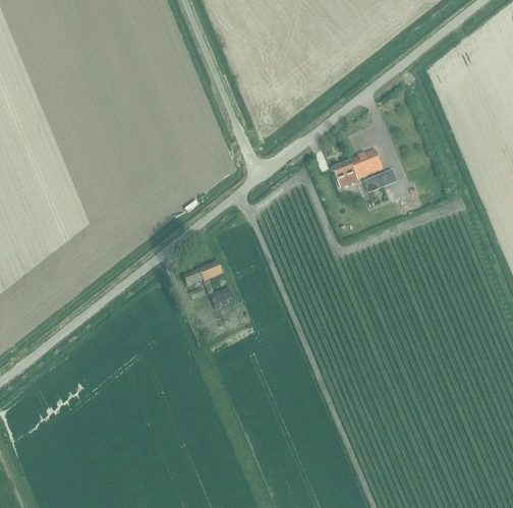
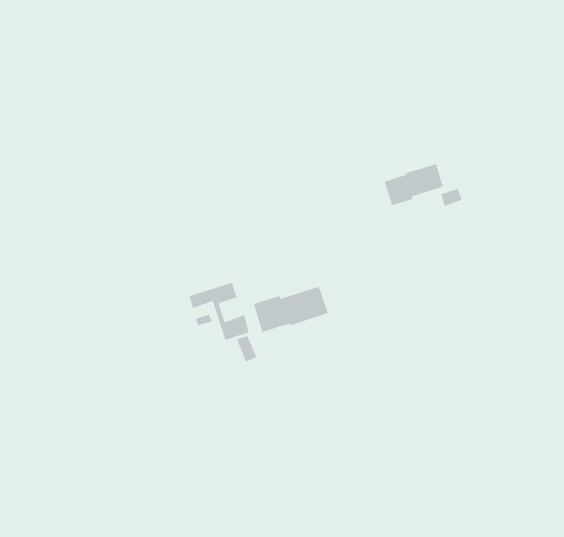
building: none -> [253,286,328,333]

